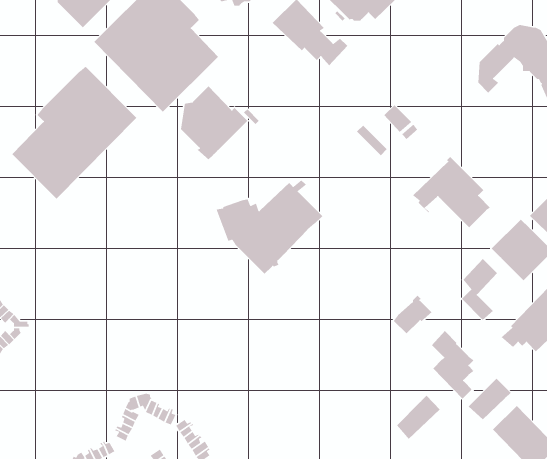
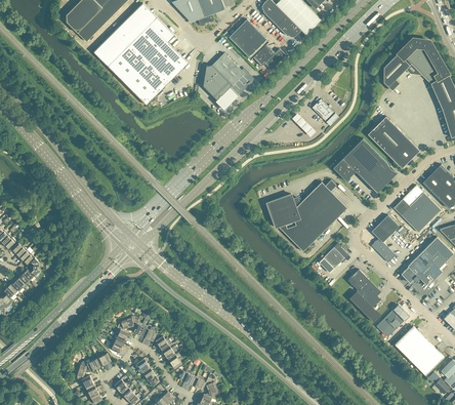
building: [11,66,137,199] -> none
building: [180,85,248,160] -> [202,52,253,109]
building: none -> [367,116,419,168]
building: [216,179,323,275] -> [265,179,346,251]
building: [396,395,440,440] -> none

